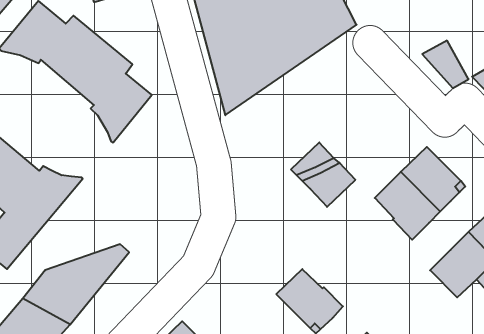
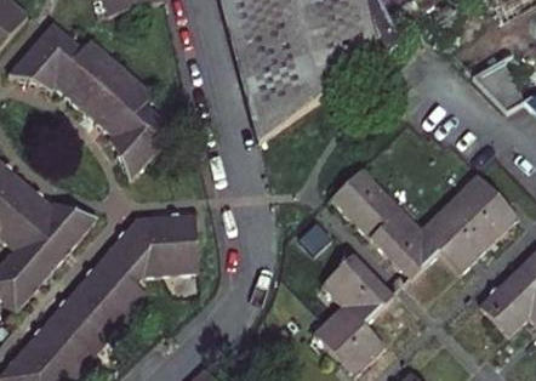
building: none -> [63,207,205,307]
building: none -> [365,210,437,280]
building: none -> [318,255,390,326]

